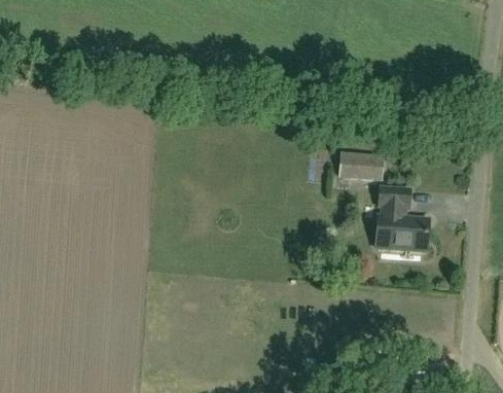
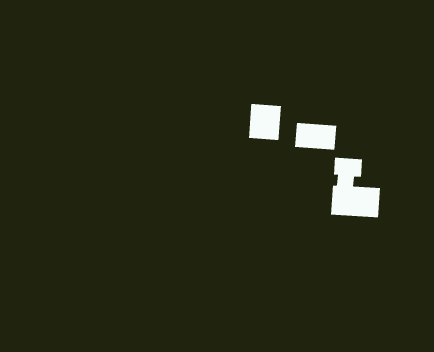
building: none -> [248,103,282,141]

